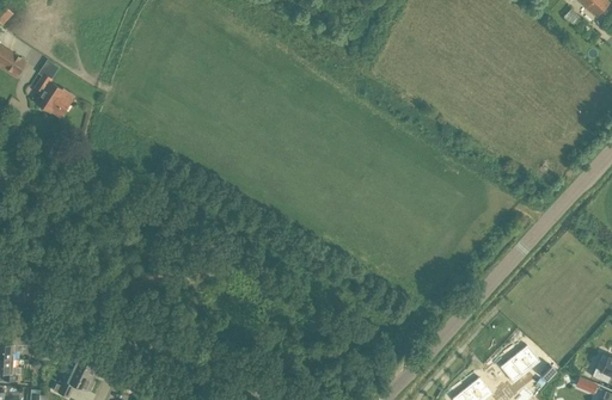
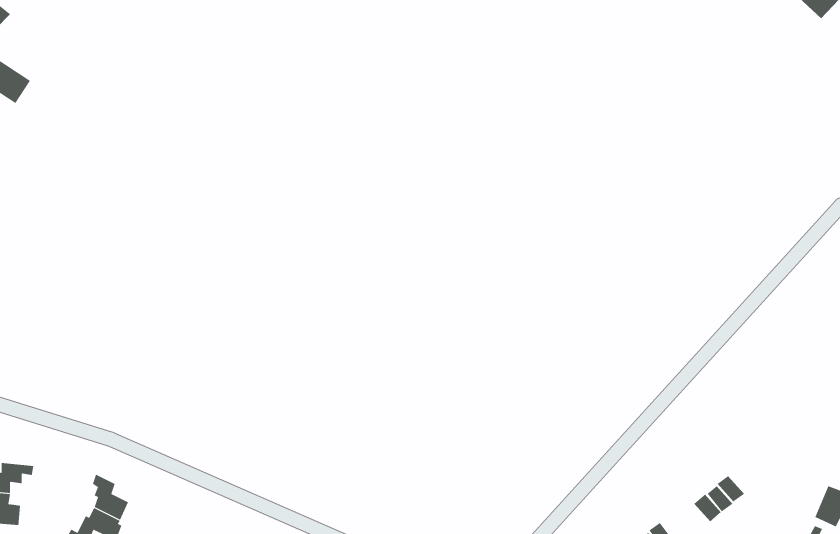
building: [32,73,72,116] -> none

